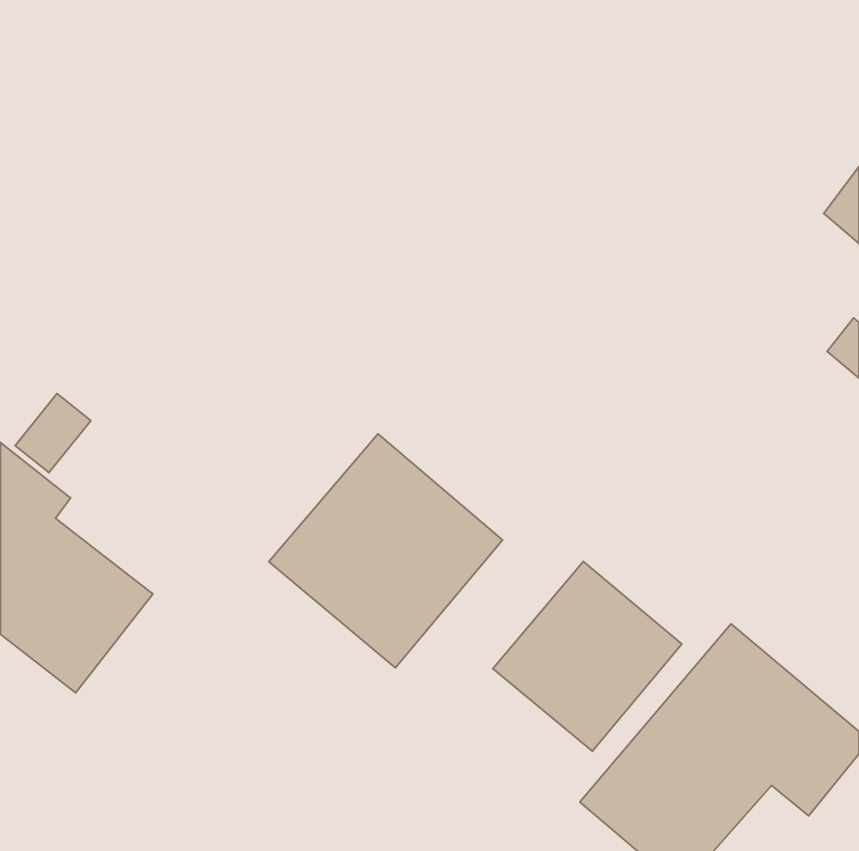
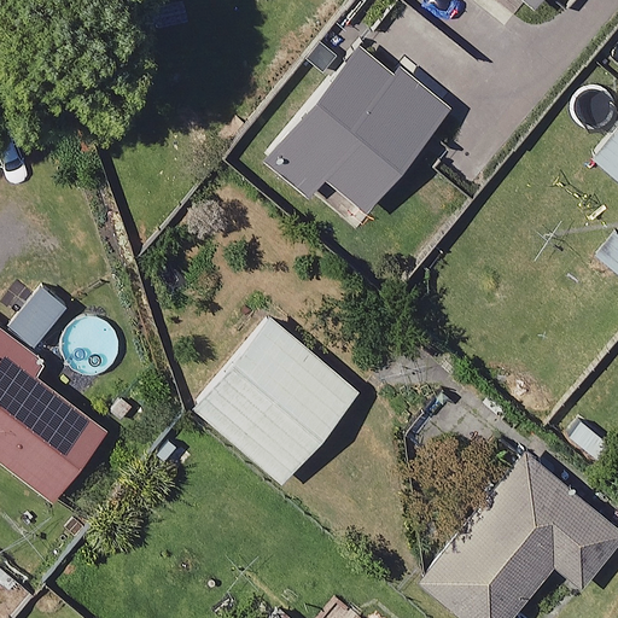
building: none -> [258,43,453,216]
building: [493,561,682,751] -> none

